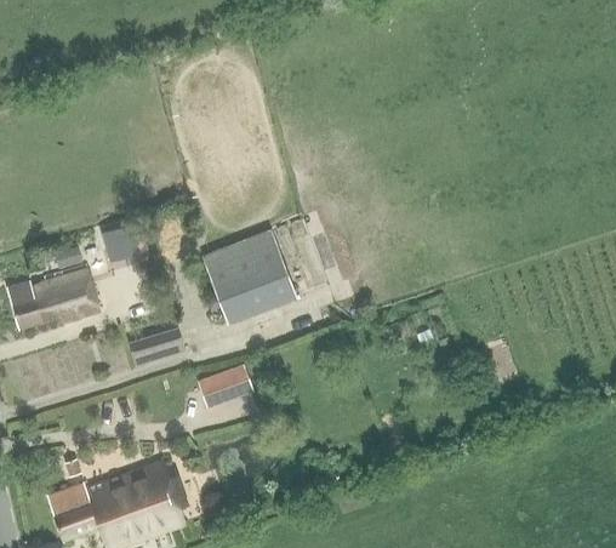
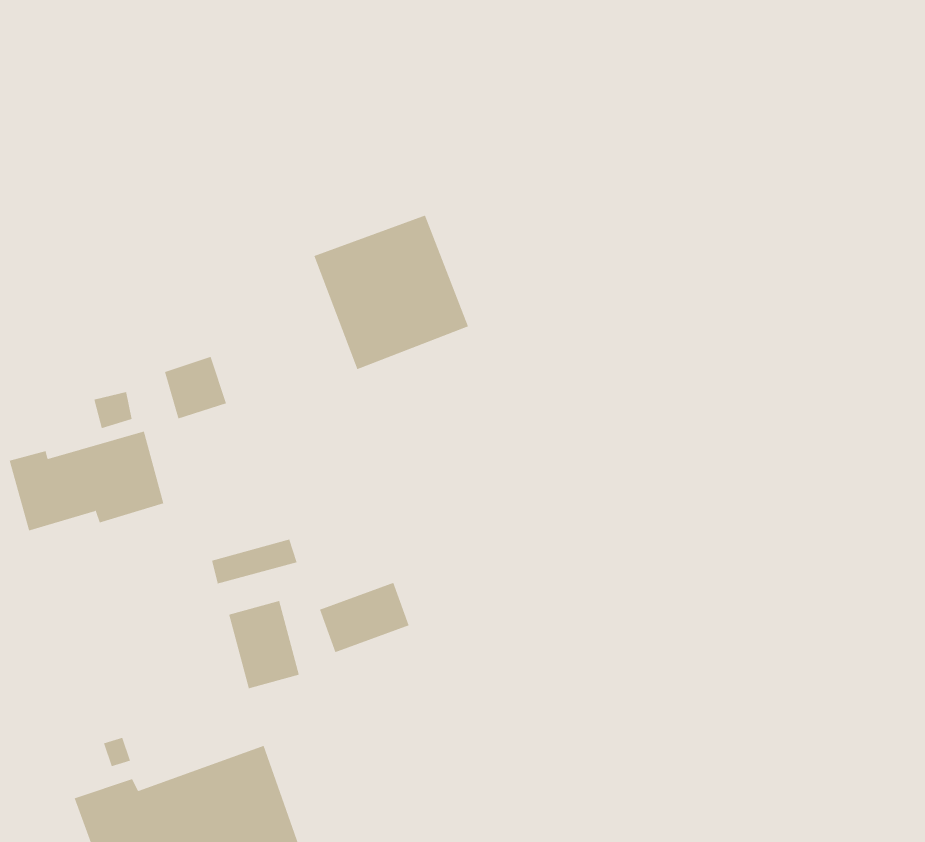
building: [201,229,297,325] -> [314,215,469,370]
building: none -> [228,600,300,689]

